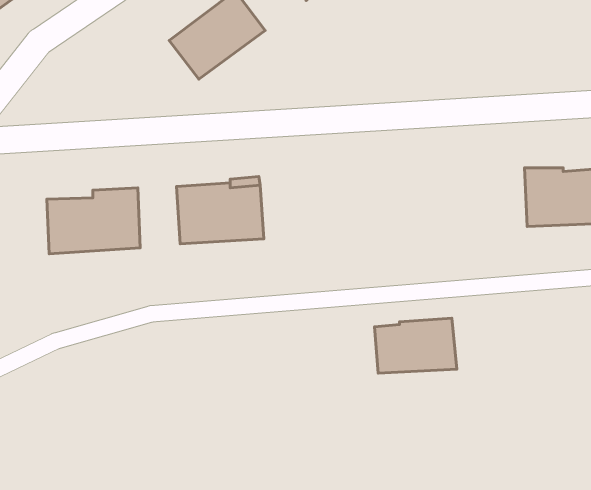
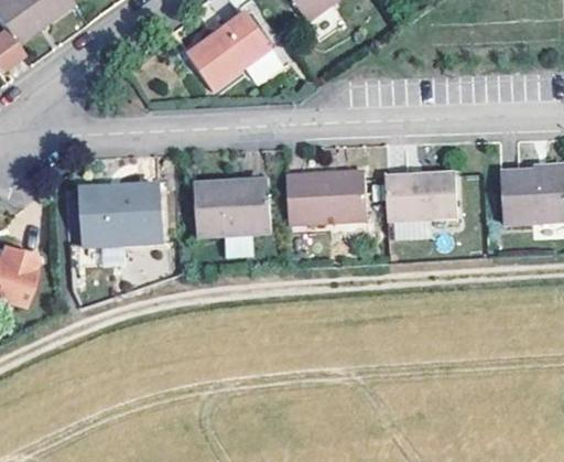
building: none -> [285,171,370,226]
building: [374,318,457,373] -> [386,173,458,222]

